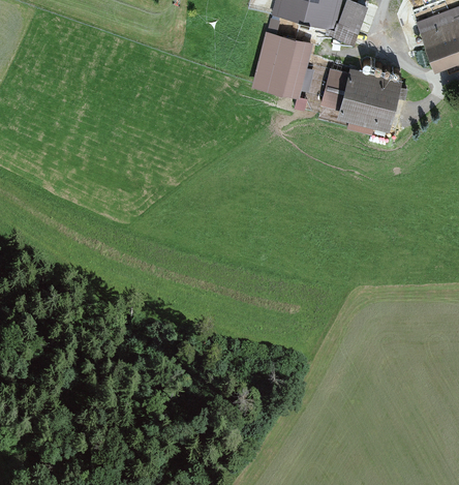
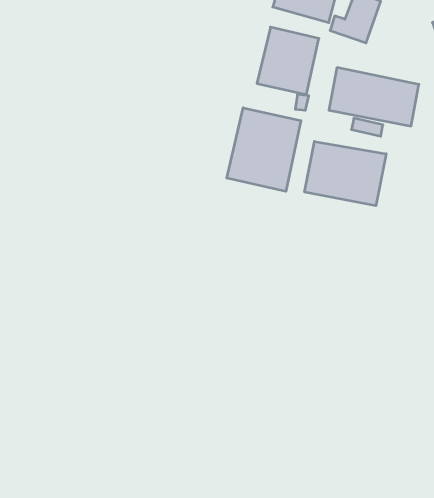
building: none -> [227,108,301,191]
building: none -> [305,141,386,206]

